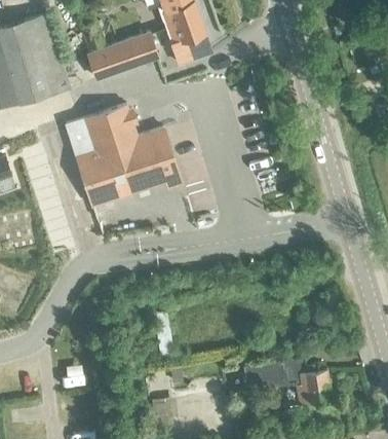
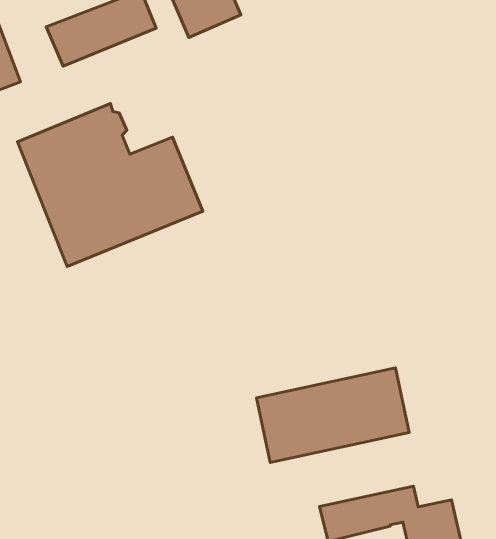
building: none -> [257,368,409,462]

